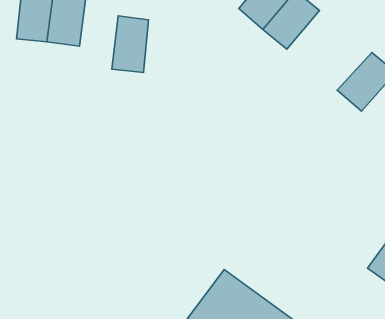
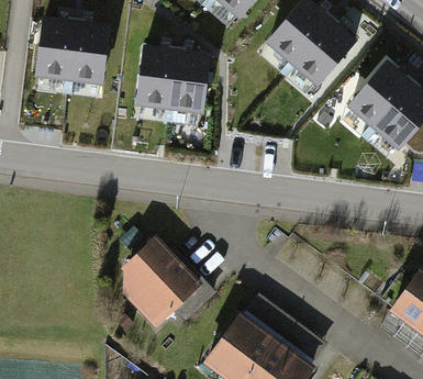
building: none -> [164,52,201,110]
building: none -> [344,64,403,125]
building: none -> [125,237,207,332]

